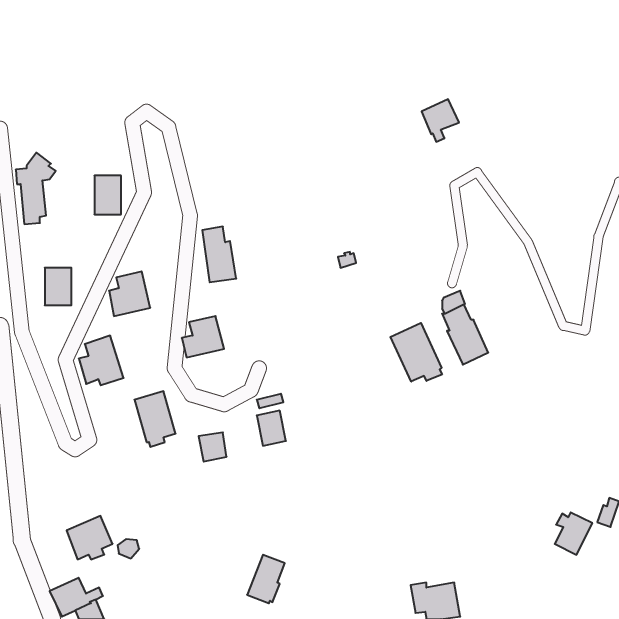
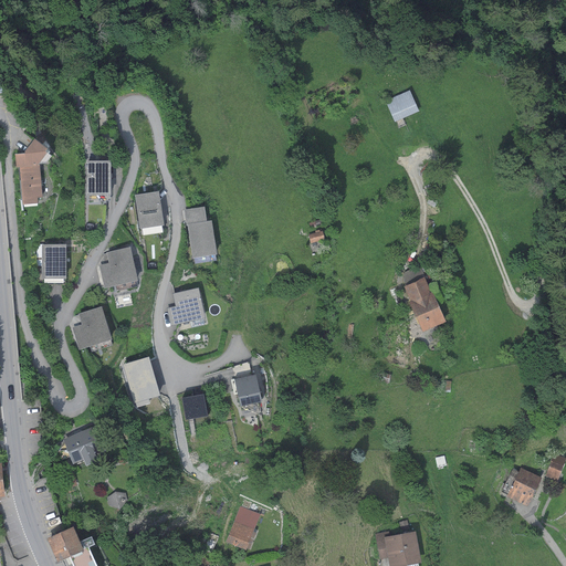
building: none -> [134,191,164,230]
building: [390,323,442,382] -> none
building: [67,516,113,559] -> [63,426,105,465]

